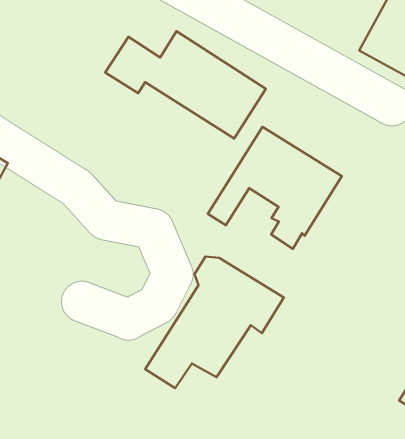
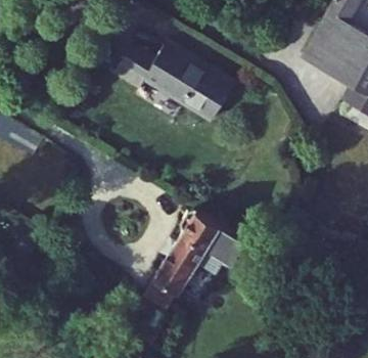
building: [208,127,342,249] -> none

